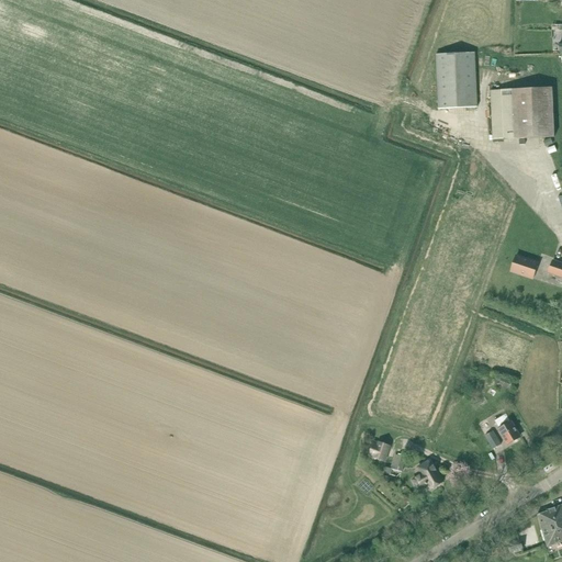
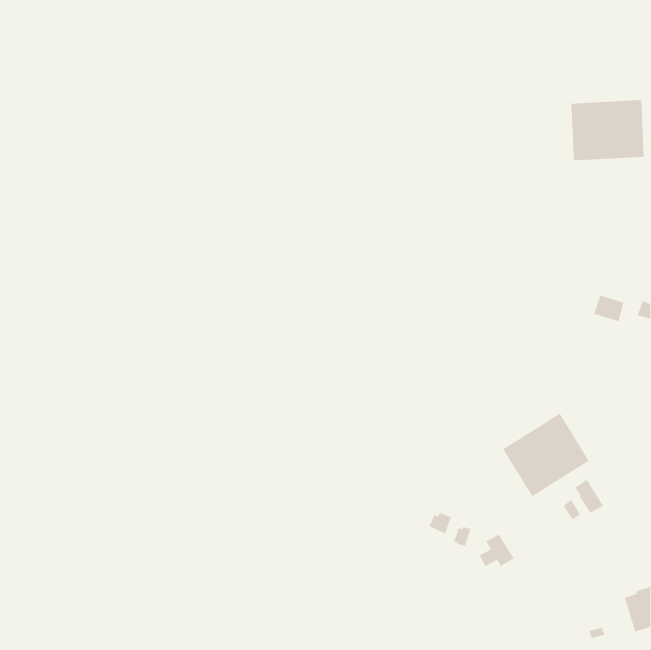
building: [435,50,476,108] -> none
building: none -> [502,413,589,497]

